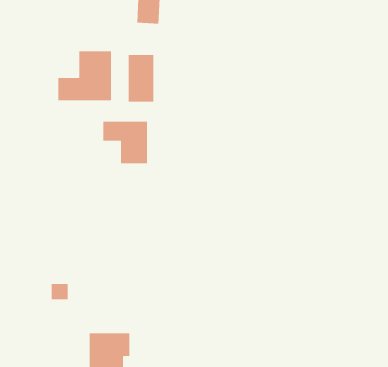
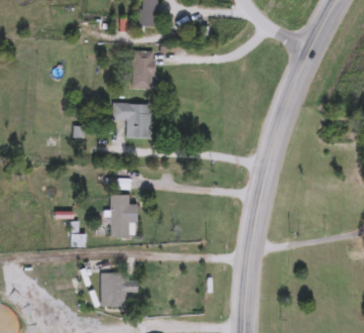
building: [58,50,112,101] -> none
building: none -> [111,196,137,236]

